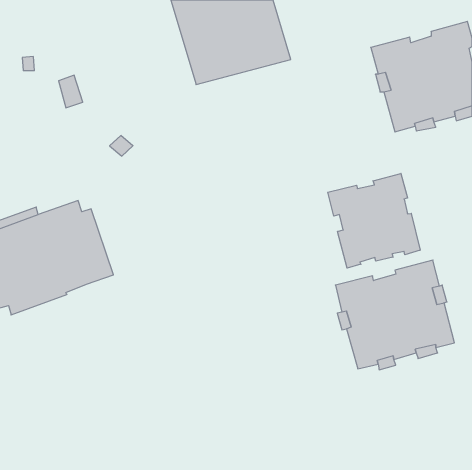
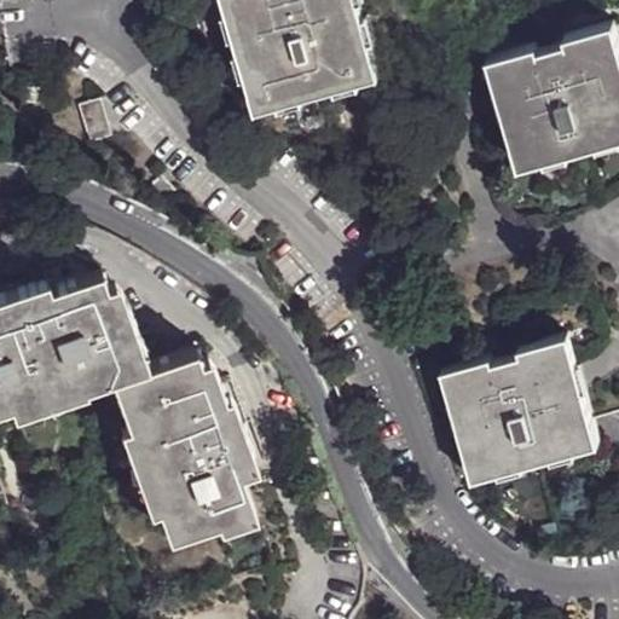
building: [328,173,420,268] -> none
building: none -> [112,346,256,536]

